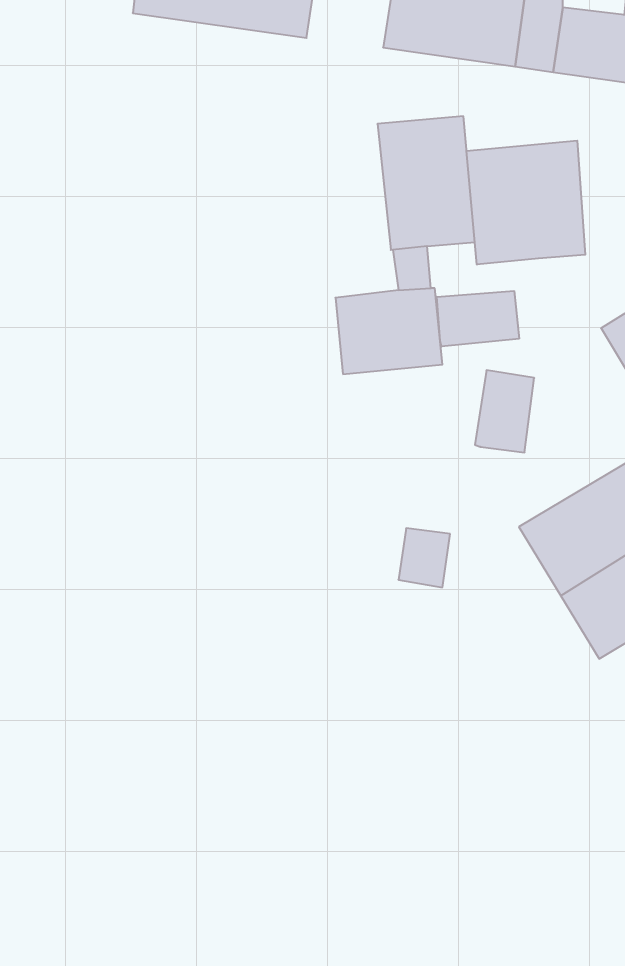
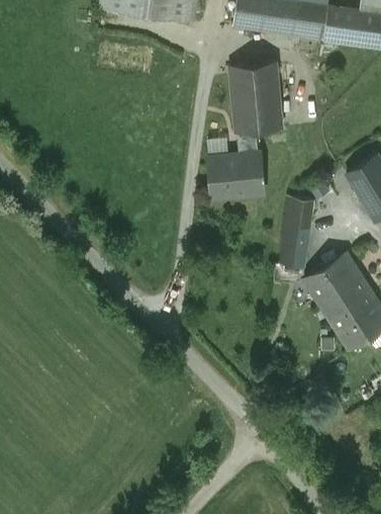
building: [467,141,585,265] -> none
building: [437,291,519,347] -> none
building: [398,528,450,587] -> [280,237,307,268]

